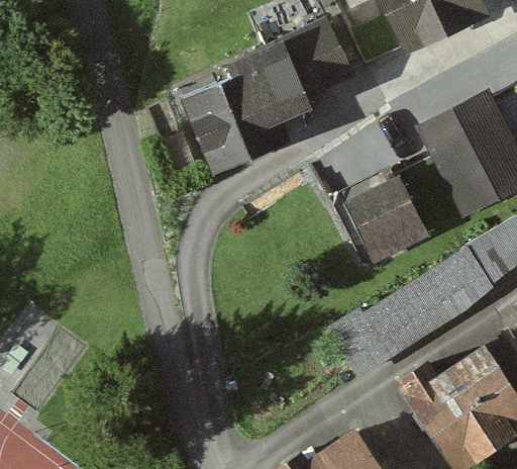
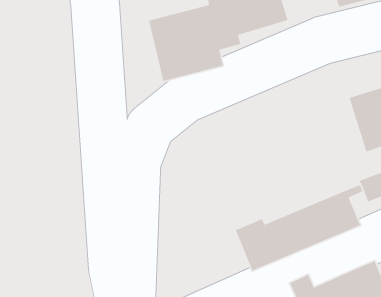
building: [335,175,422,263] -> none

